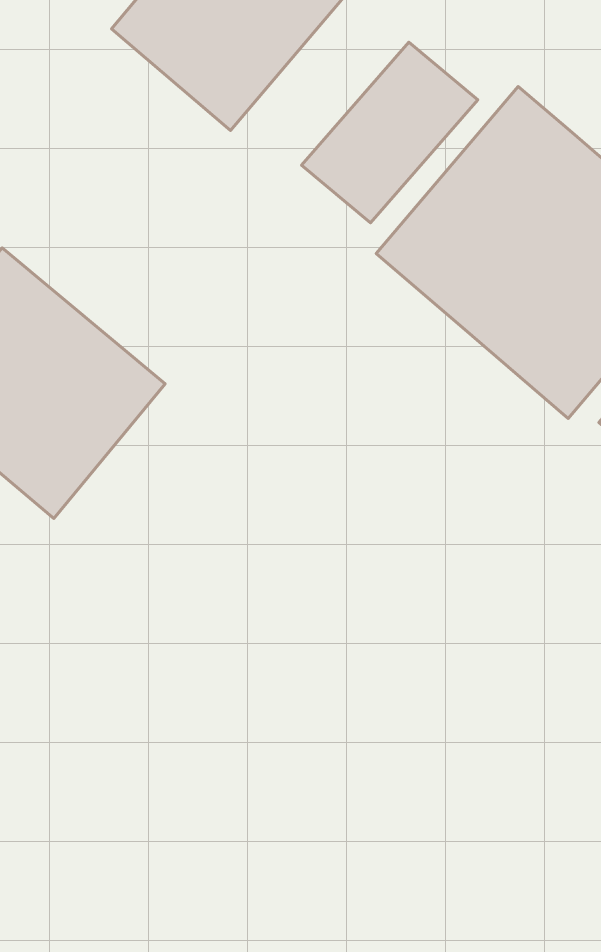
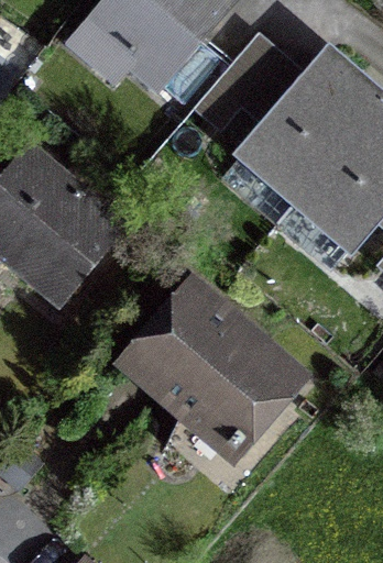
building: none -> [127,290,295,453]

